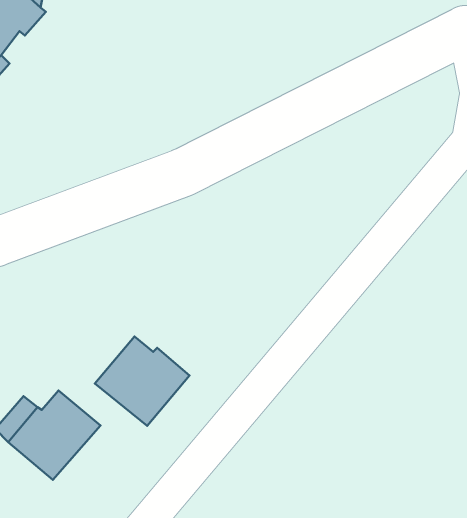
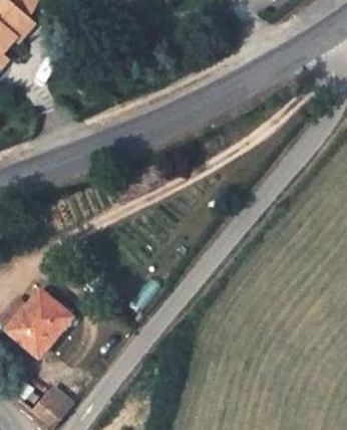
building: [95,337,190,426] -> none

